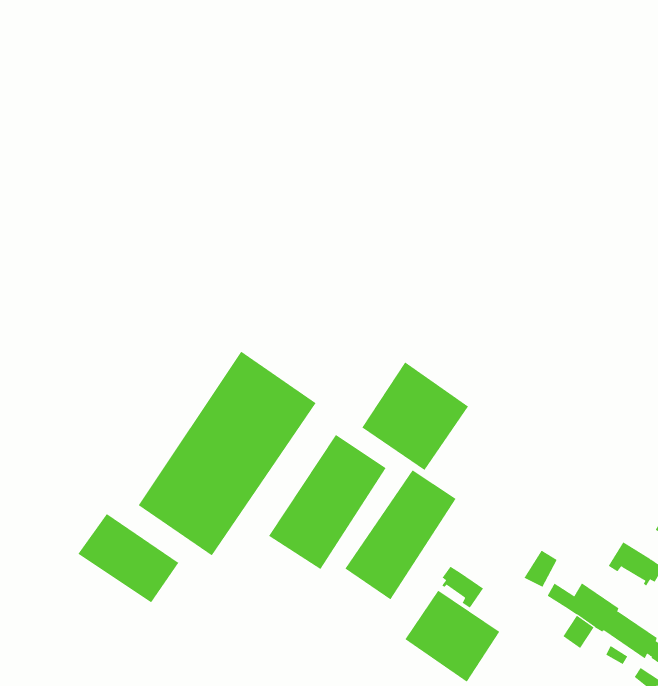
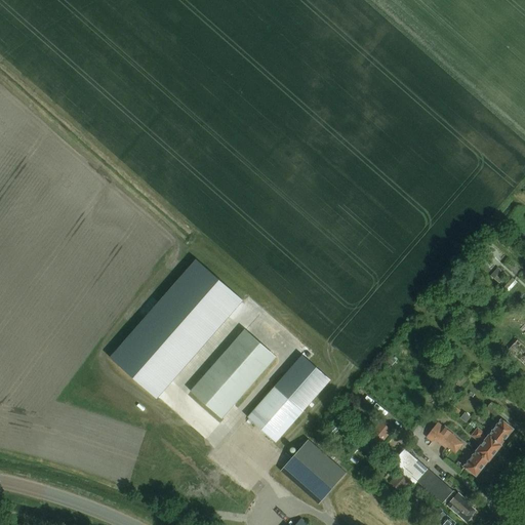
building: [361,361,469,471] -> none
building: [77,513,179,603] -> none
building: [441,566,484,608] -> none

